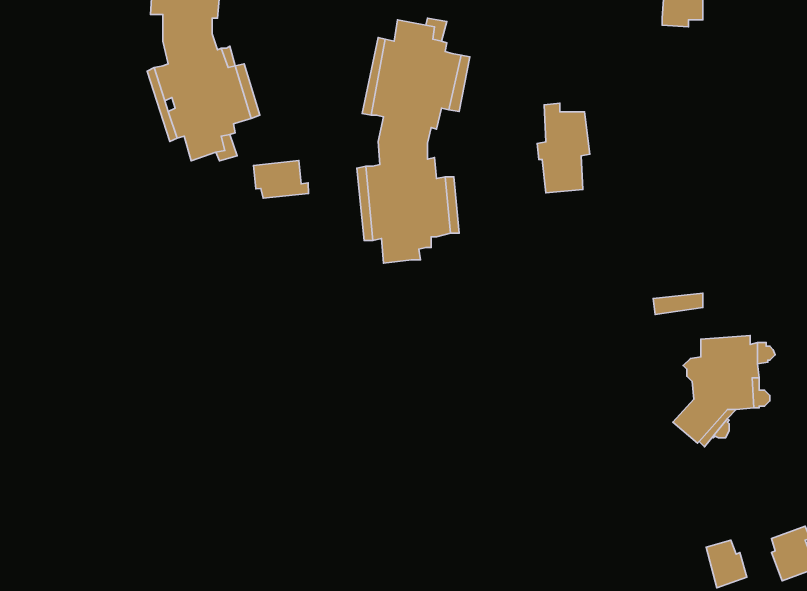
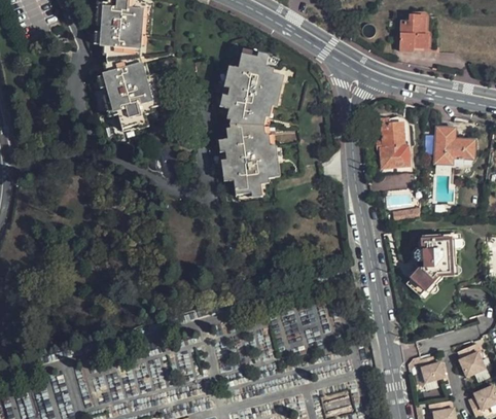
building: [537,103,590,193] -> [375,116,405,169]
building: none -> [435,127,473,174]
building: [253,161,308,198] -> none

